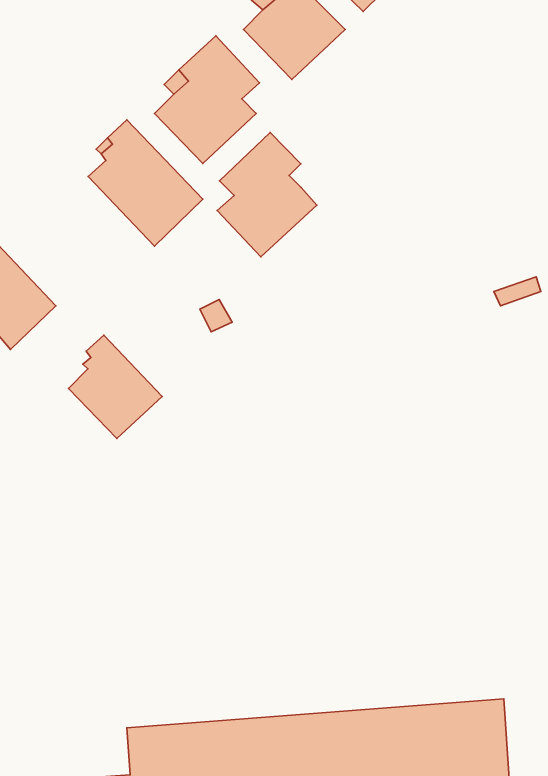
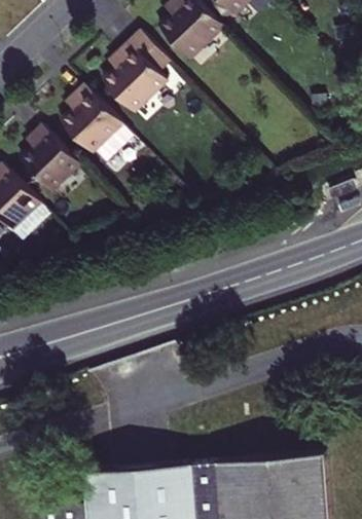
building: [217,133,317,257] -> none
building: [68,335,162,439] -> [20,127,79,193]

